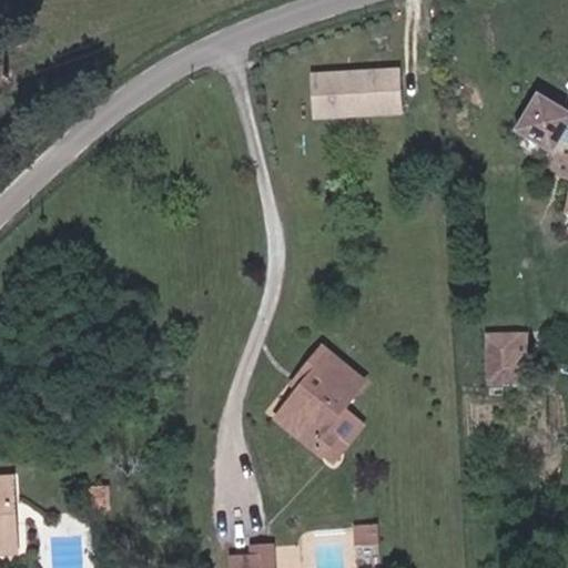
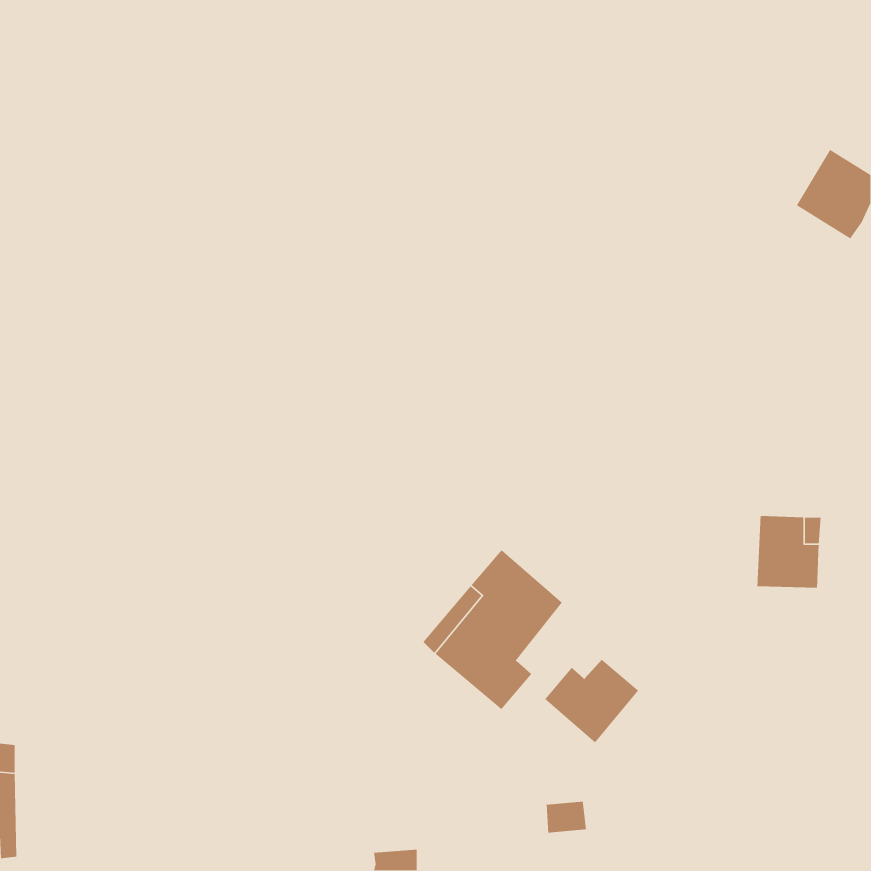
building: [307,60,405,118] -> none
building: none -> [544,659,639,743]

